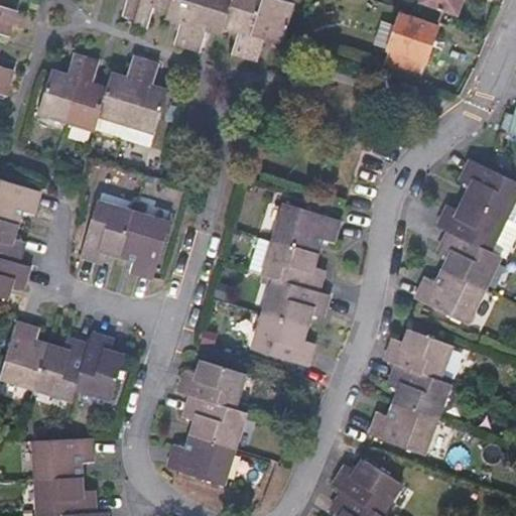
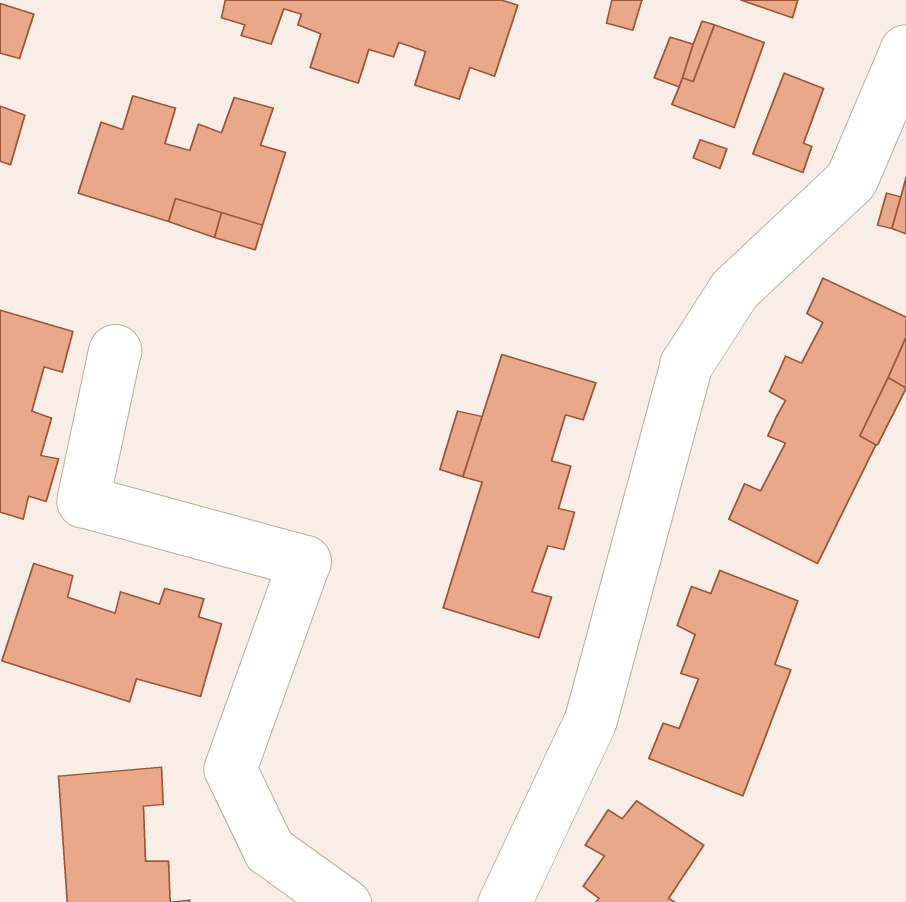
building: none -> [753,73,824,172]
building: [84,203,172,279] -> none
building: [172,360,246,481] -> none

